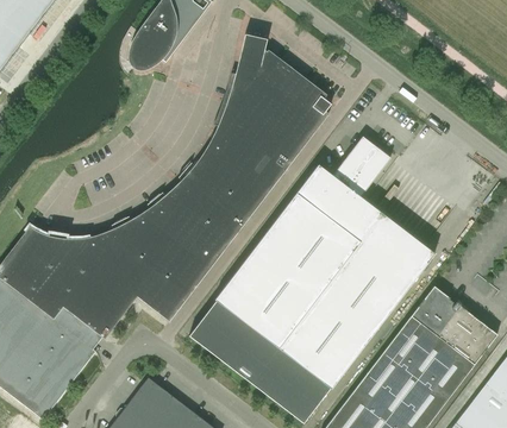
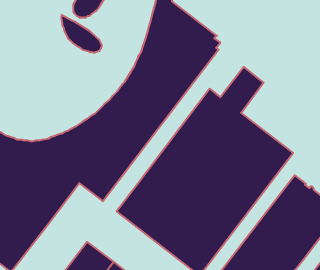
building: none -> [61,15,102,53]

